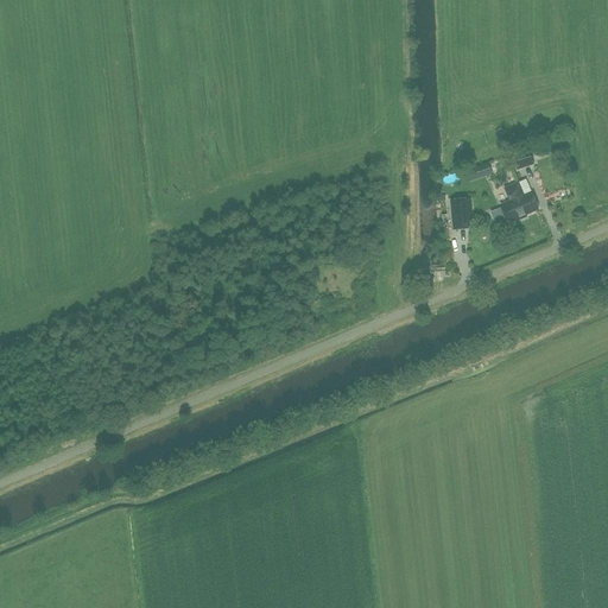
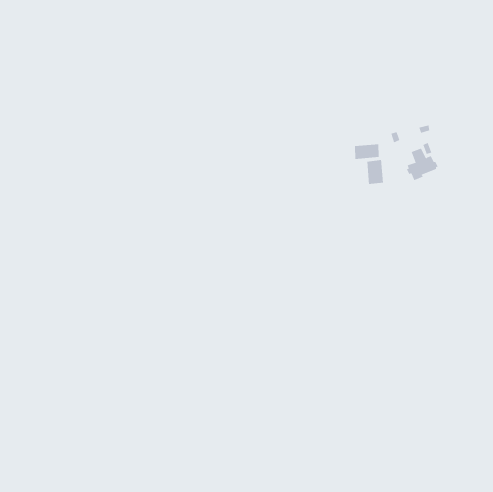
building: none -> [354,144,379,160]

